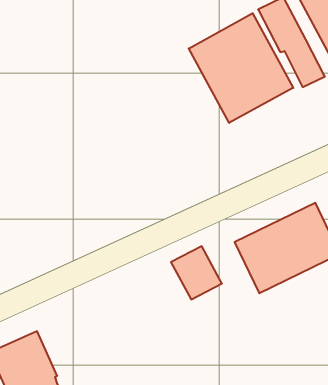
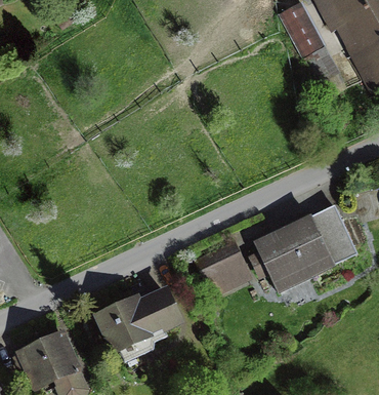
building: [189,13,293,123] -> none
building: none -> [96,281,185,353]

